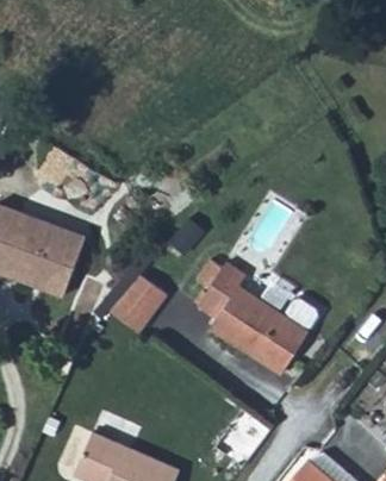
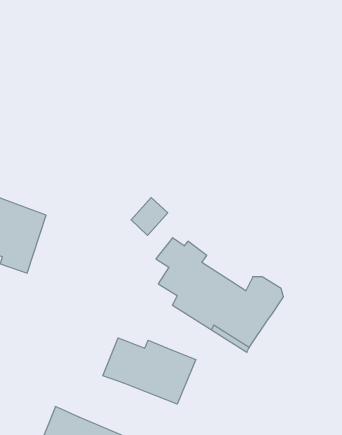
building: [104,275,161,332] -> none
building: none -> [103,338,196,404]

